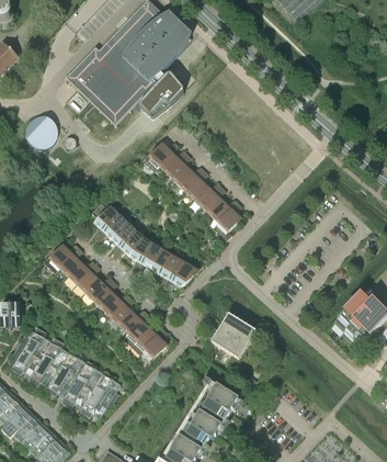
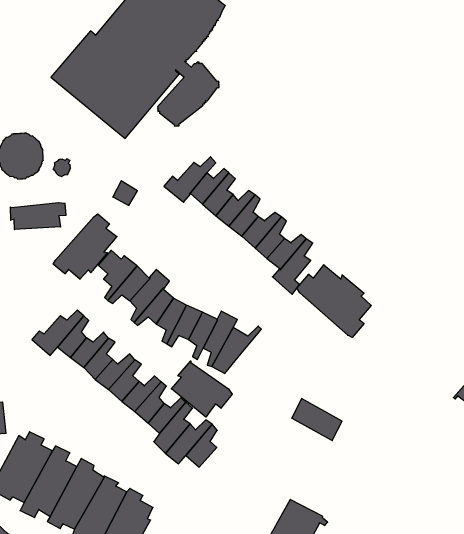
building: none -> [10,203,66,230]
building: none -> [53,214,117,279]
building: none -> [297,265,371,337]
building: none -> [171,361,232,417]
building: [212,327,248,359] -> none

